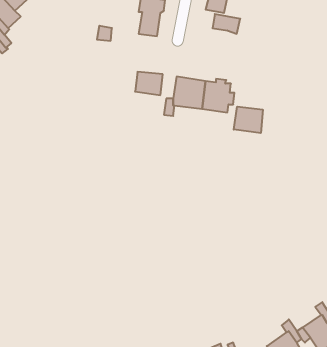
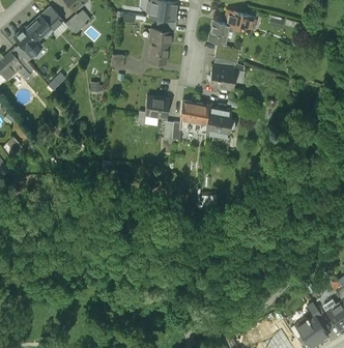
building: none -> [209,65,235,89]
building: [234,107,263,133] -> none

